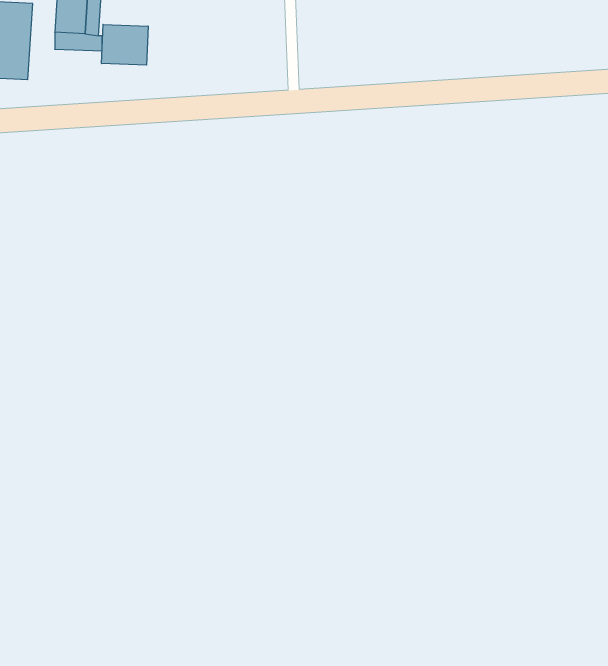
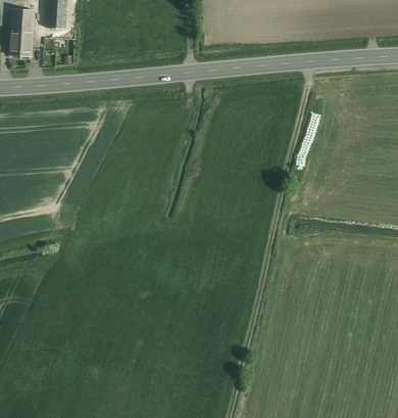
building: [102,24,148,65] -> none

